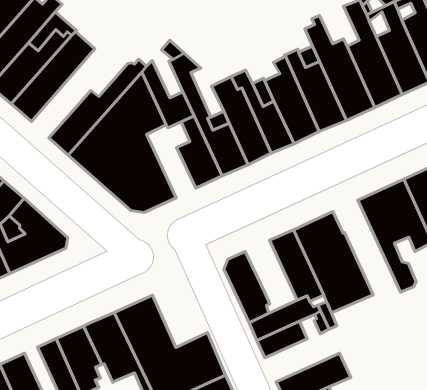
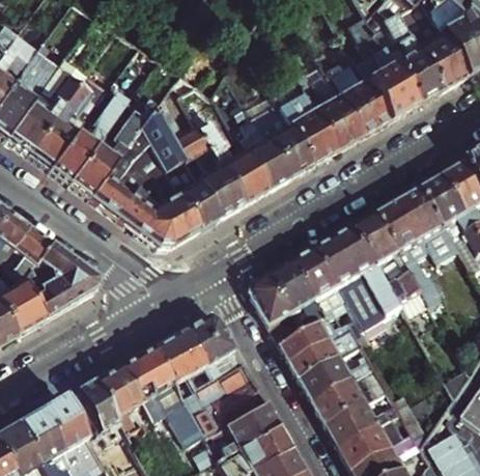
building: none -> [48,88,125,180]
building: none -> [163,157,217,228]
building: none -> [355,214,429,314]
building: none -> [272,261,328,334]
building: none -> [183,313,242,376]
building: none -> [301,356,374,401]

